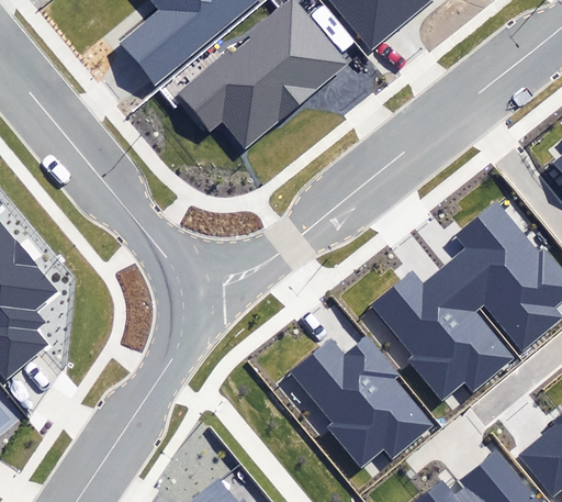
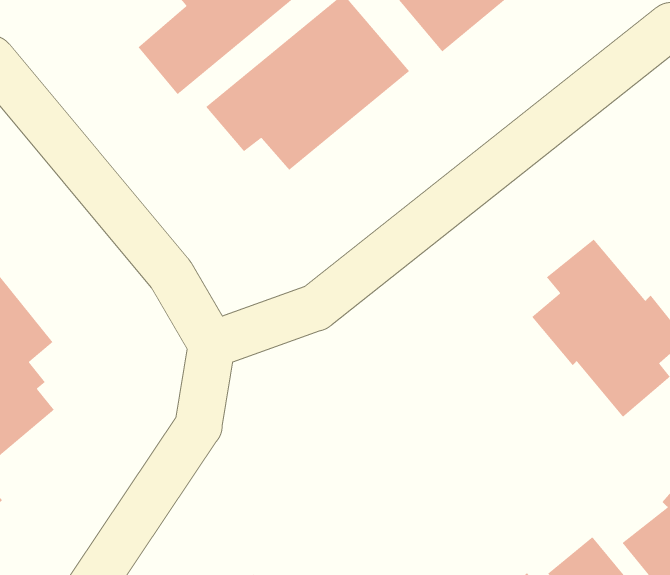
building: [372,268,516,400] -> none
building: [290,335,434,468] -> none

